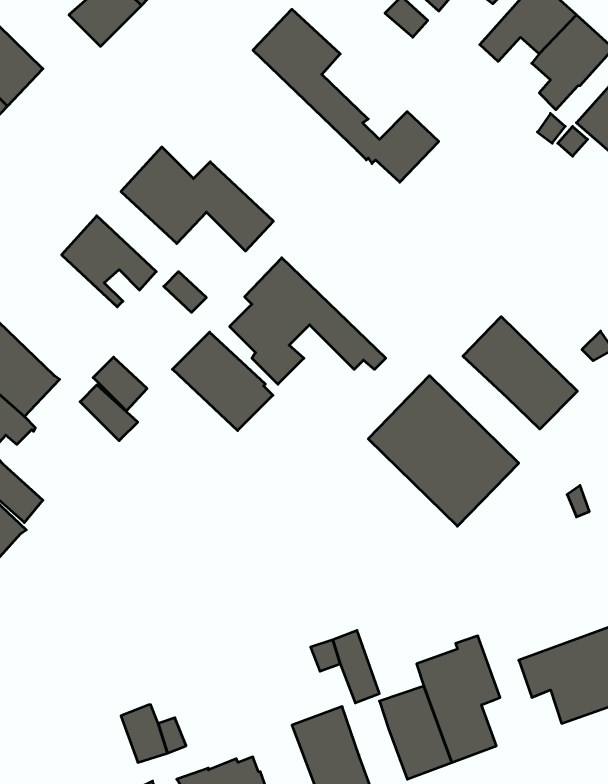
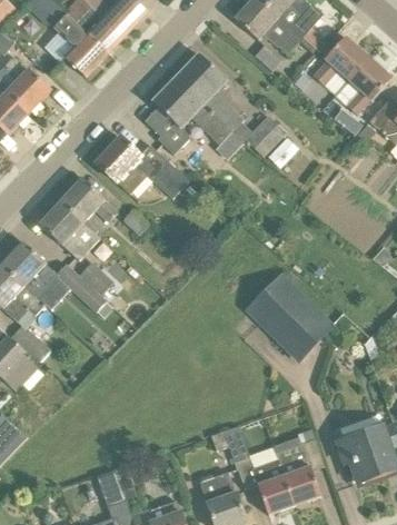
building: [230,258,386,384] -> [143,78,237,153]
building: [463,317,577,429] -> none
building: [172,332,273,431] -> [38,200,98,259]

